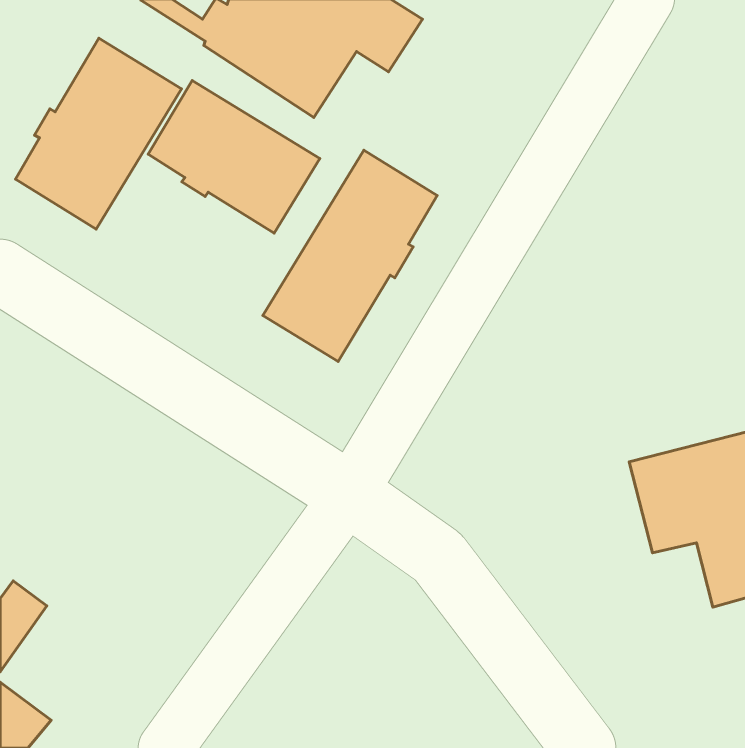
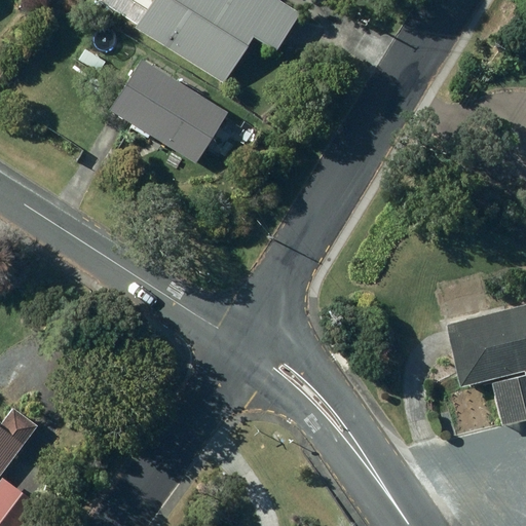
building: [16,38,182,229] -> none
building: [263,150,437,362] -> none

